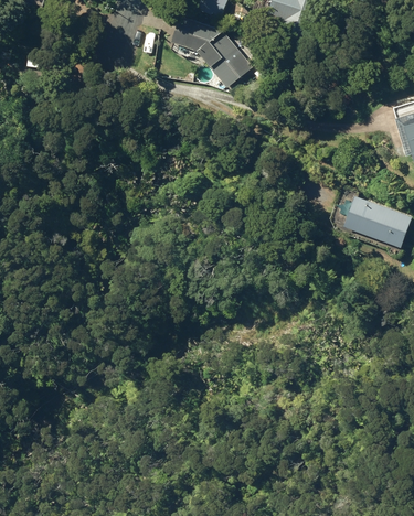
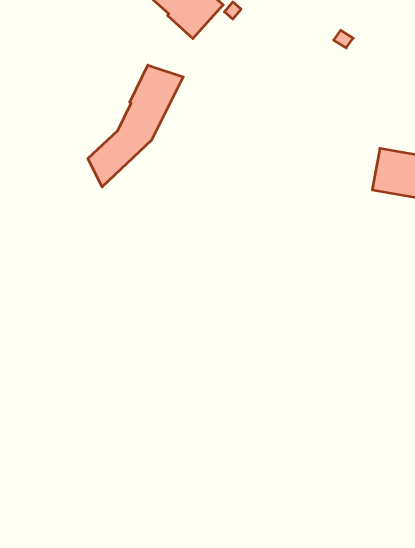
building: none -> [88,65,183,187]

